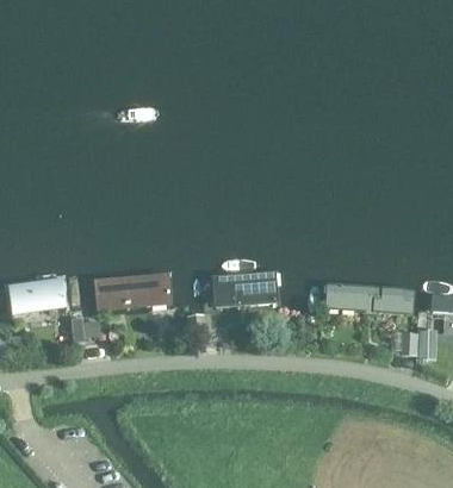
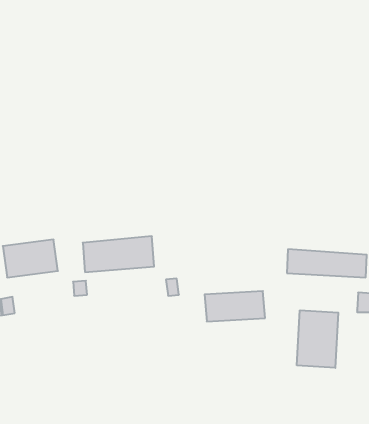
building: [211,273,278,306] -> [205,291,265,321]
building: none -> [297,310,338,368]

